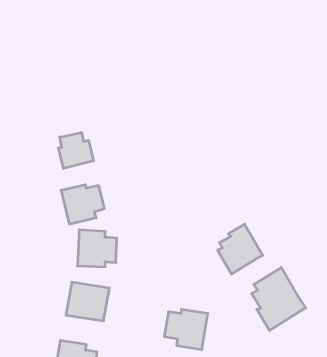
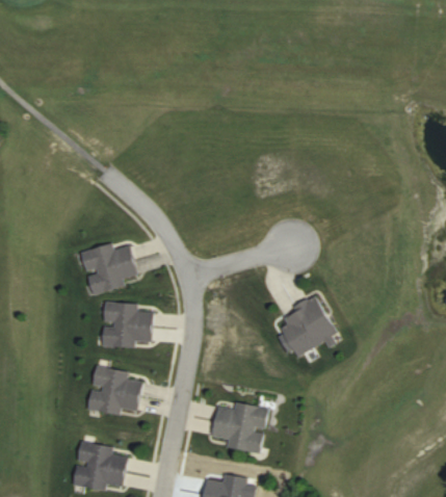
building: [58,132,94,169] -> none
building: [252,267,306,330] -> none

